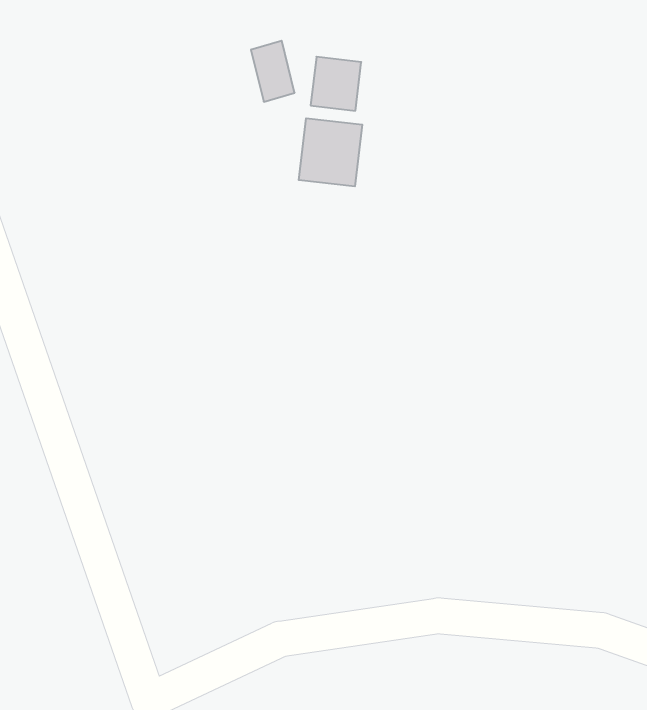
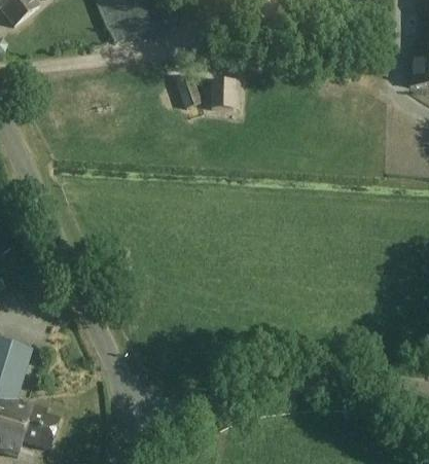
building: [299,118,362,186] -> none

